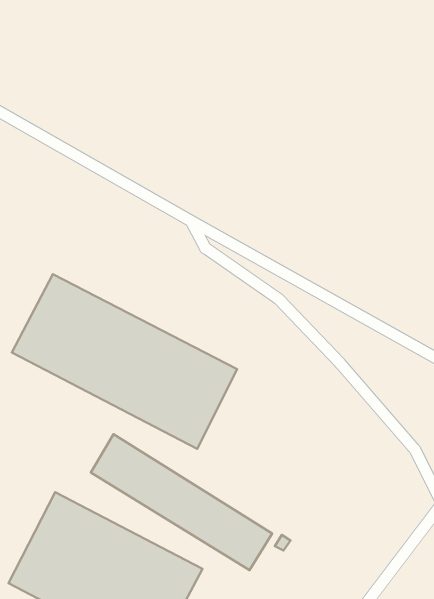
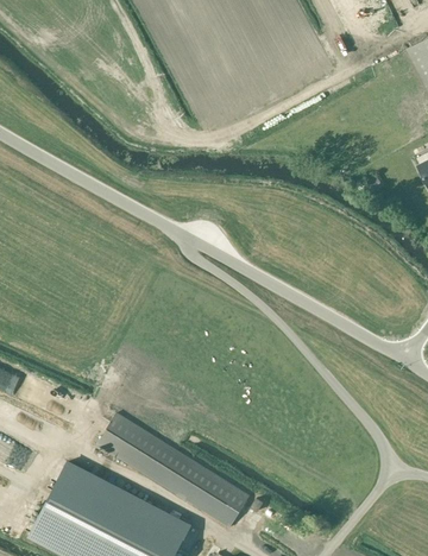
building: [12,274,237,449] -> none

